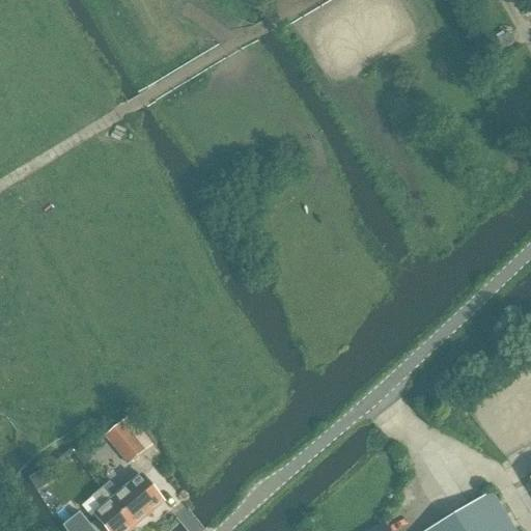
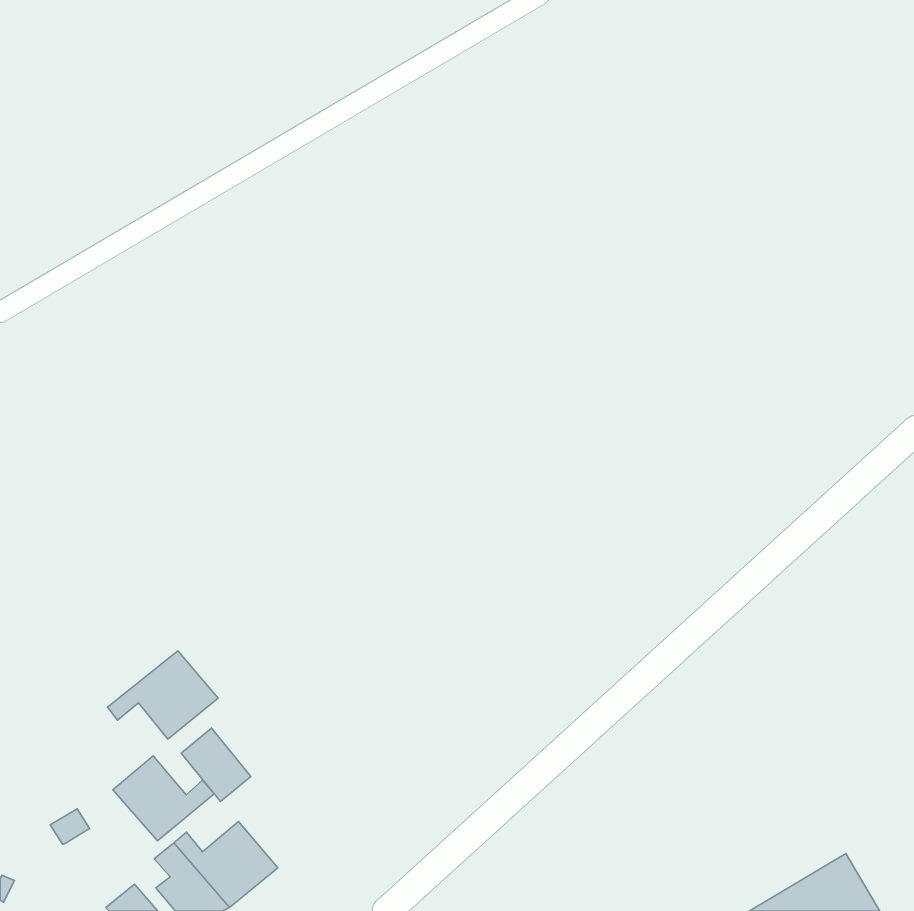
building: none -> [107,651,218,739]
building: none -> [113,756,214,841]

